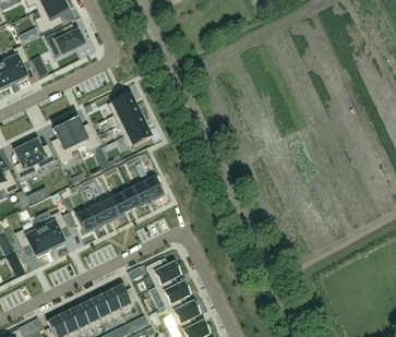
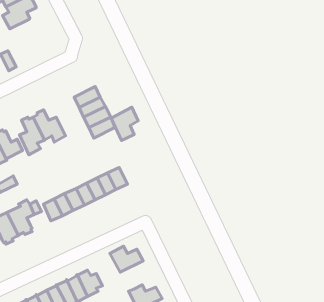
building: [44,31,85,56] -> none
building: none -> [111,107,138,140]
building: [156,280,190,306] -> none

